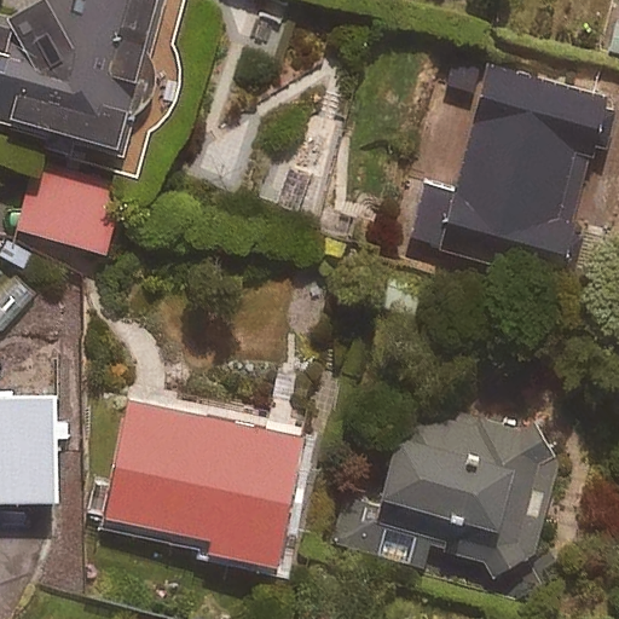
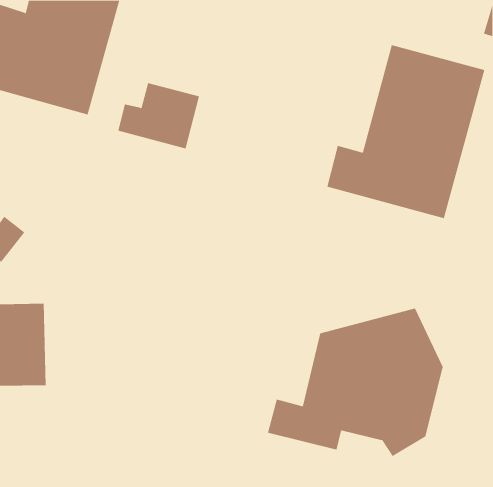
building: [17,172,120,255] -> [117,82,200,149]
building: [109,401,285,561] -> none

